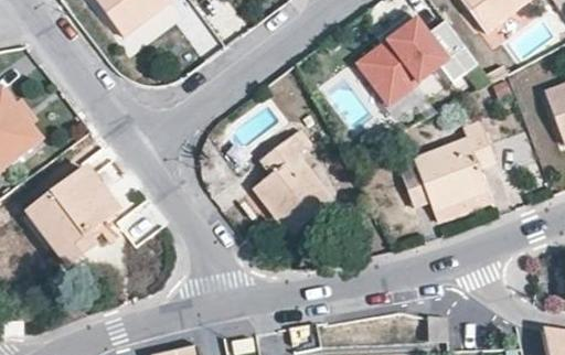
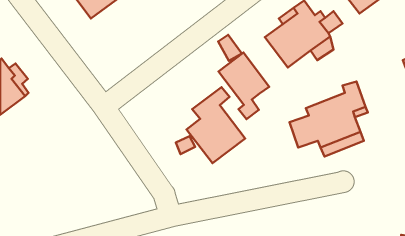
building: none -> [219,53,269,119]
building: [29,168,117,265] -> none

